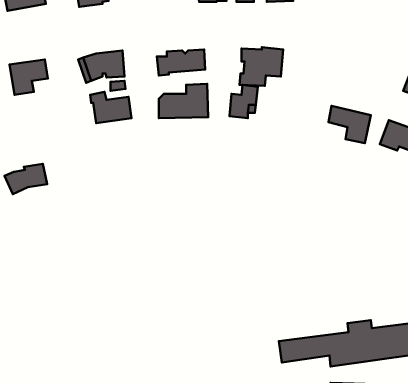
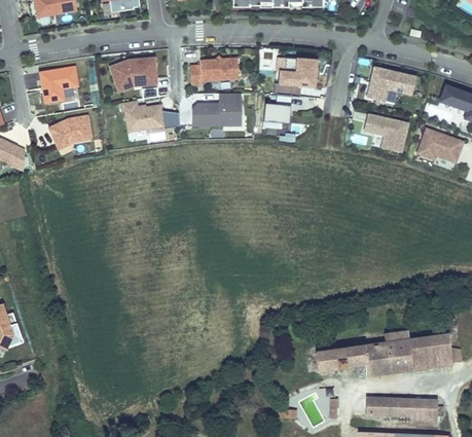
building: none -> [366,68,415,102]
building: [5,164,47,194] -> [48,116,92,147]

